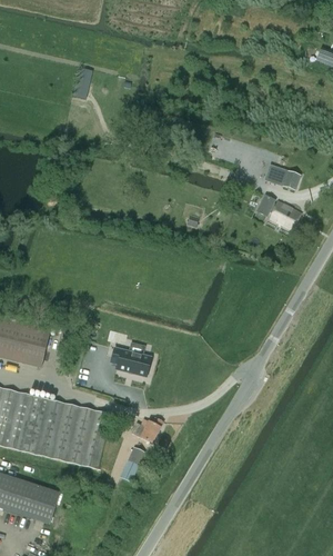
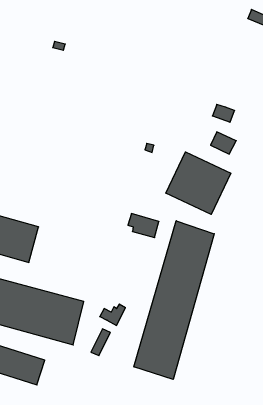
building: none -> [166,152,231,214]
building: none -> [134,221,214,379]
building: [113,341,152,371] -> [128,214,159,238]

